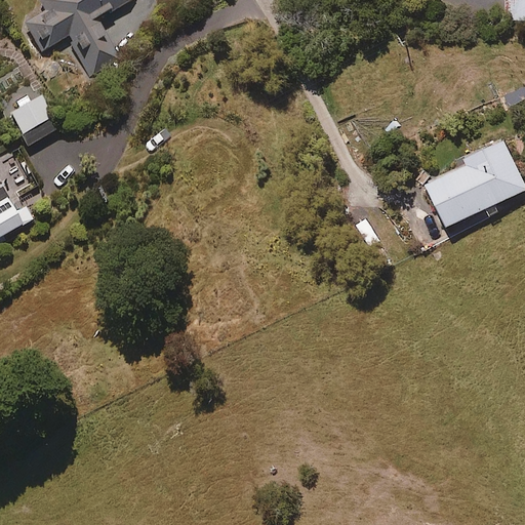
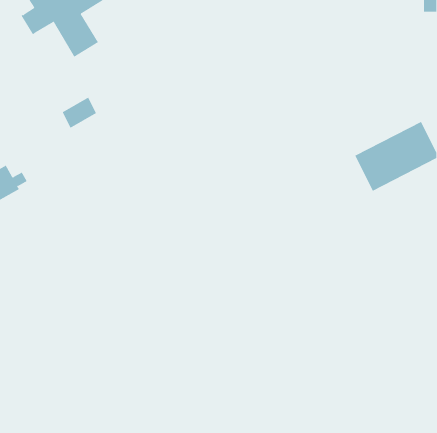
building: [11,97,53,135] -> [62,97,97,129]

